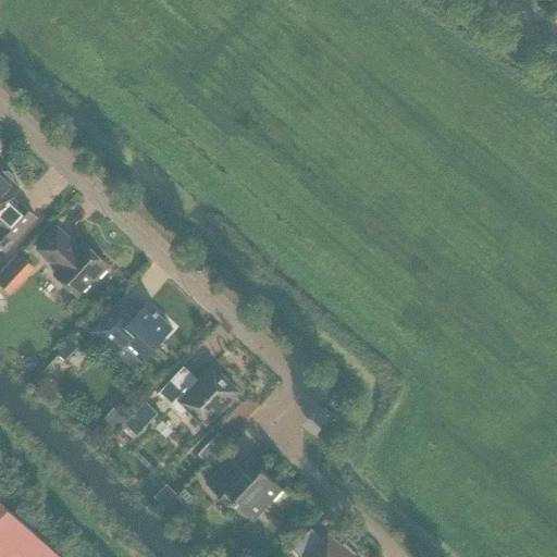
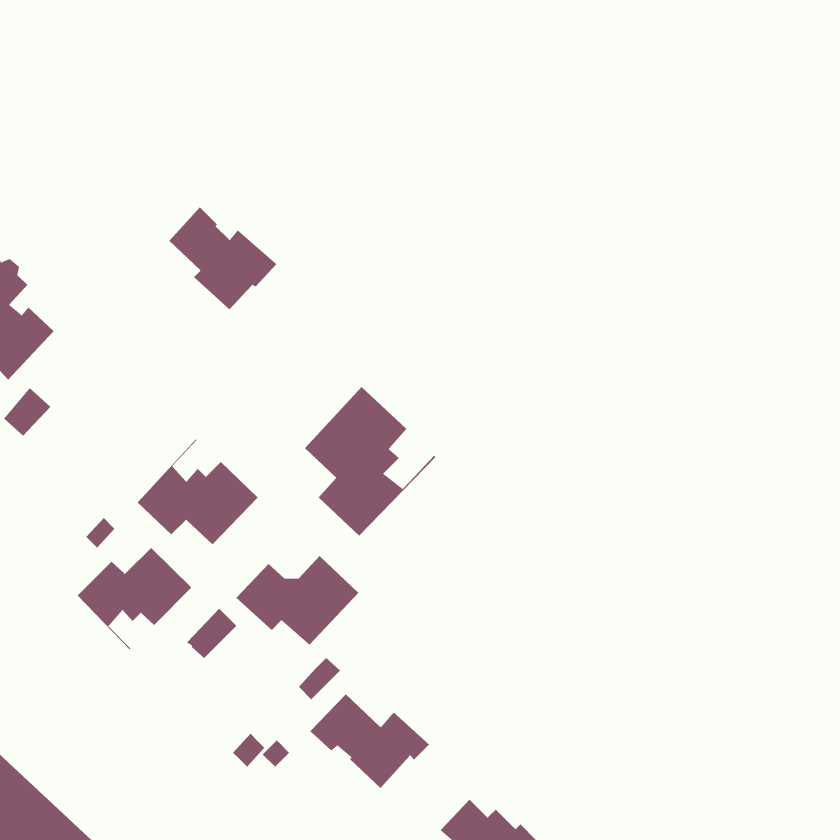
building: [36,228,108,297] -> [168,206,277,310]
building: none -> [304,386,436,537]
building: none -> [77,547,192,650]

